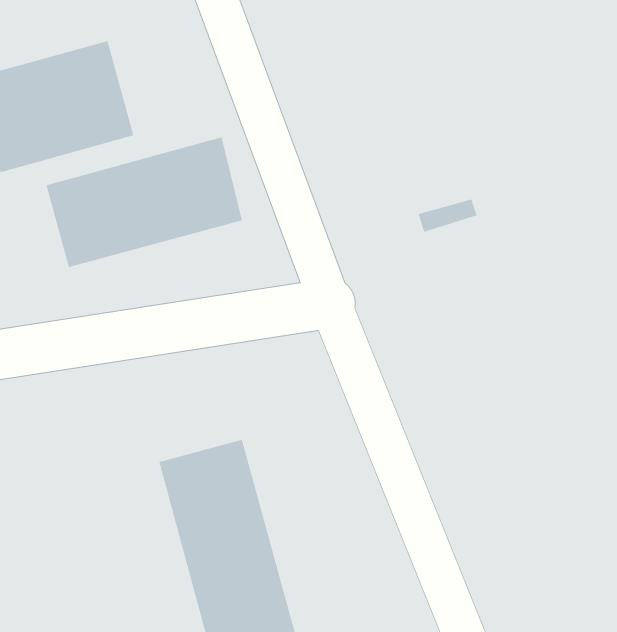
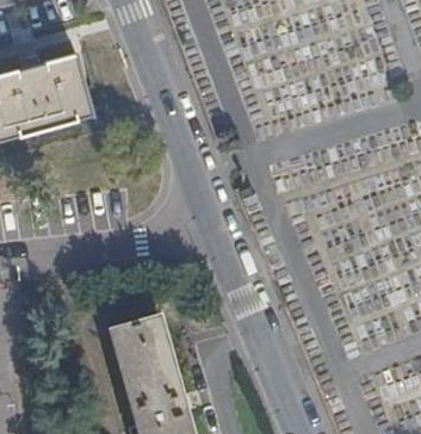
building: [46,137,242,268] -> none

